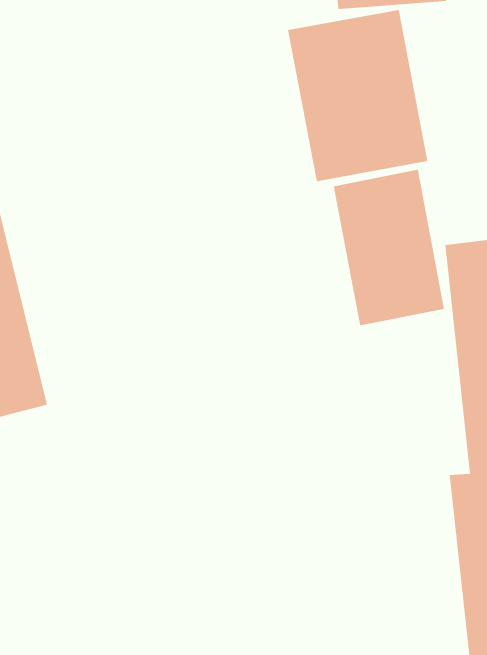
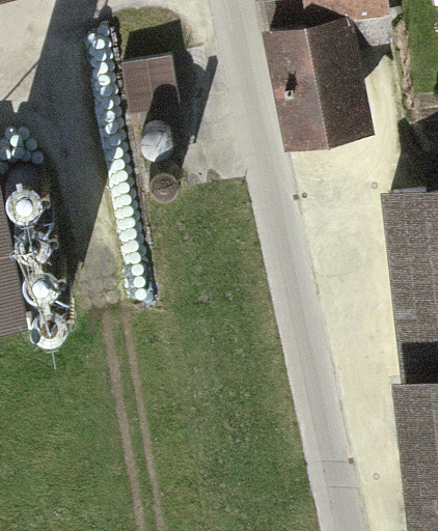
building: none -> [122,60,190,129]
building: [333,169,445,326] -> none

